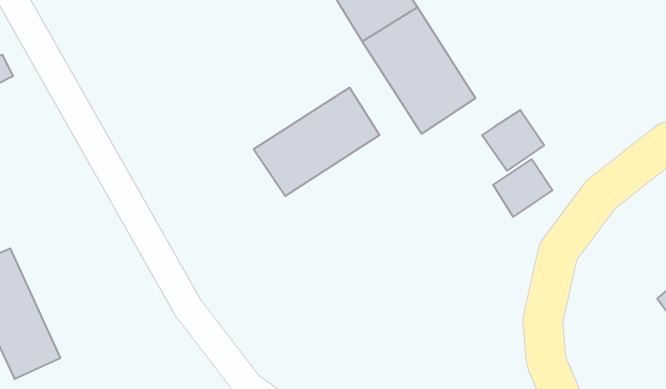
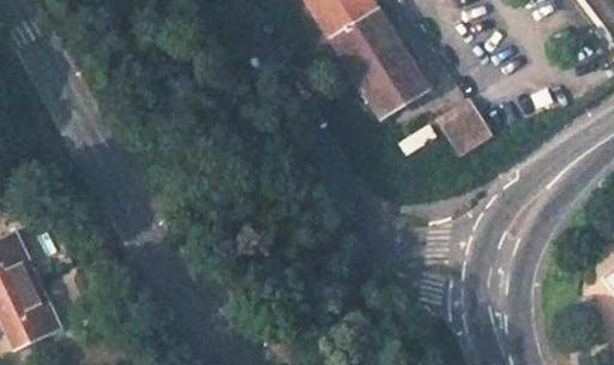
building: [254,88,379,196] -> none
building: [493,159,552,217] -> none

